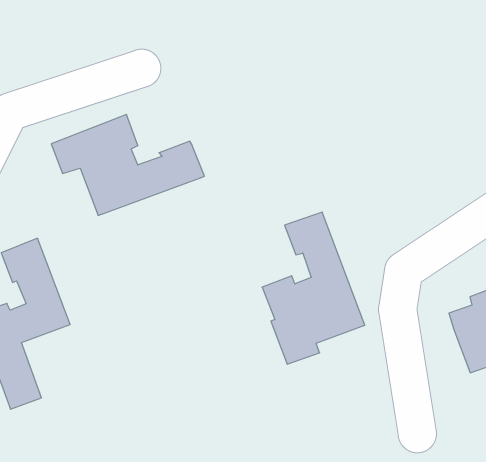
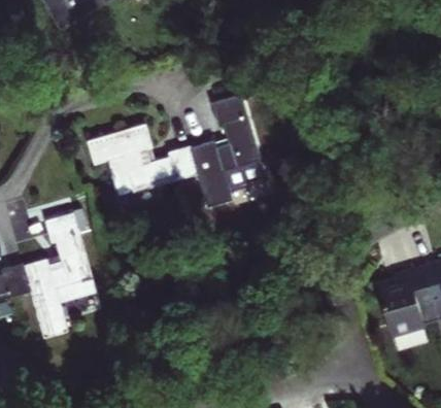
building: [262,212,365,364] -> [192,96,267,208]

